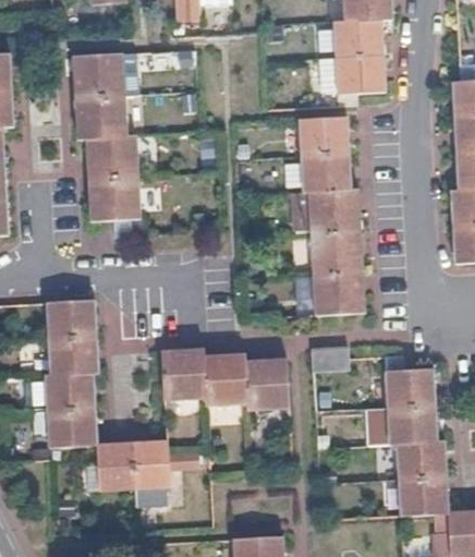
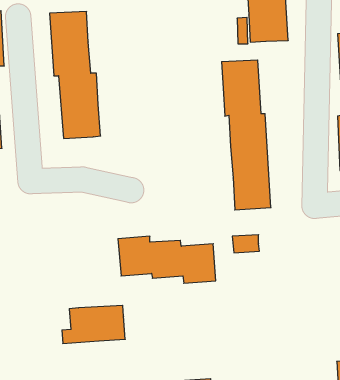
building: [22,299,97,448] -> none
building: [386,370,450,517] -> none

